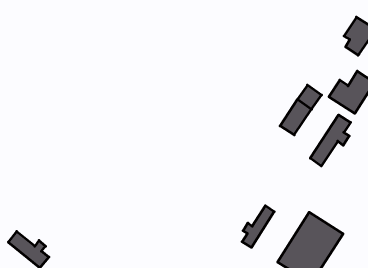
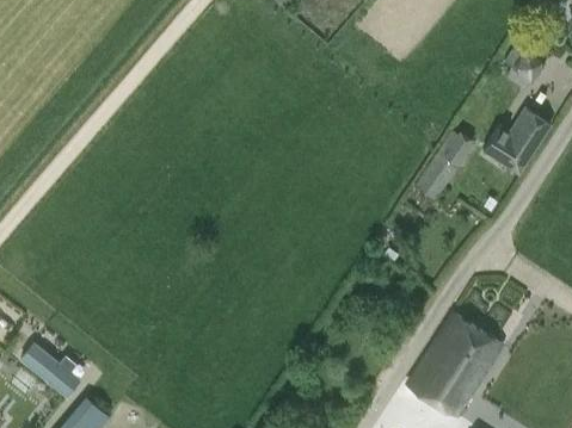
building: [310,115,351,166] -> none
building: [242,206,274,247] -> none

